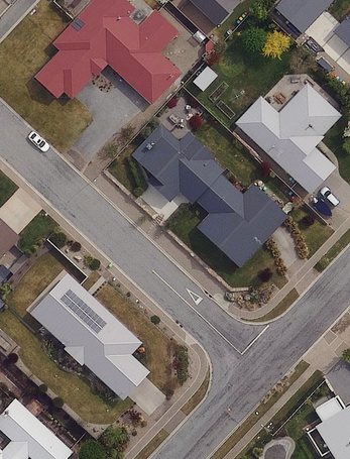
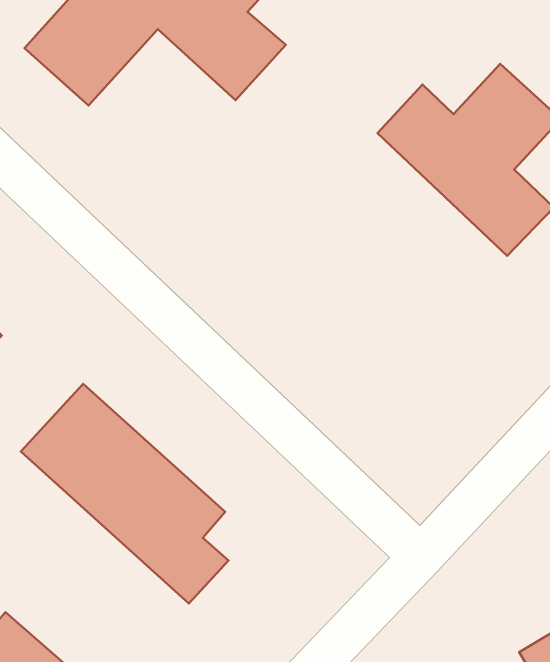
building: [130,122,289,269] -> none

